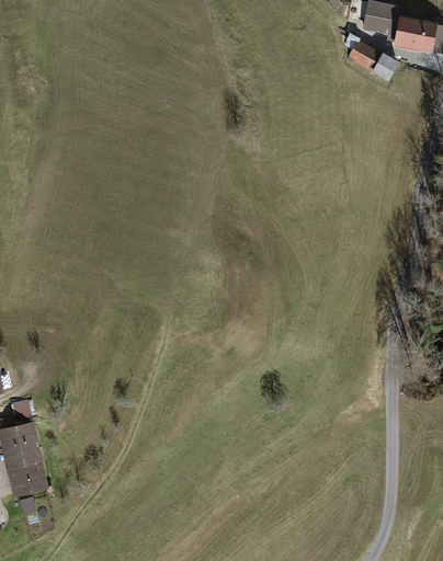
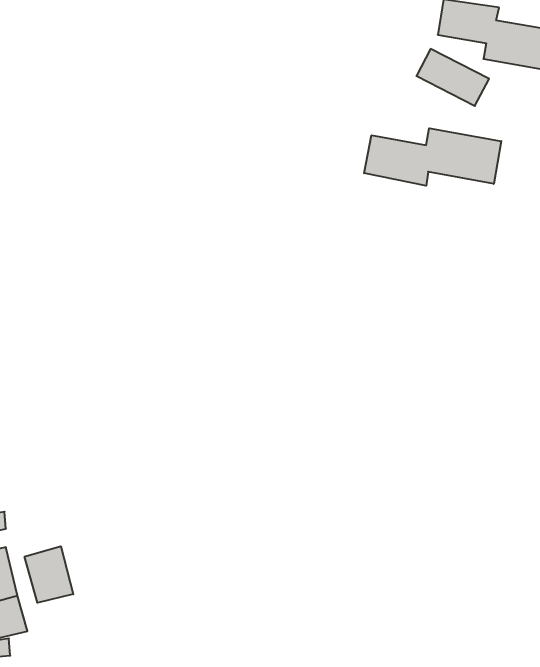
building: none -> [364,128,501,186]
building: none -> [25,546,73,603]

